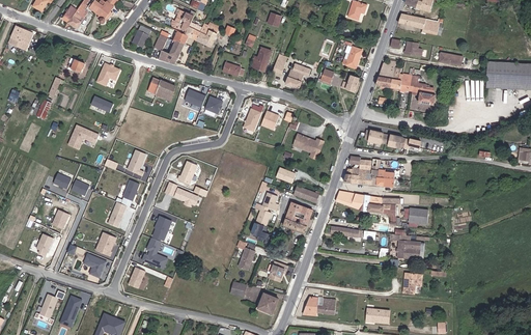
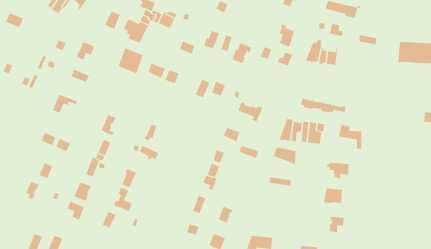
building: [412,76,436,105] -> none
building: [367,196,396,226] -> [338,124,362,149]
building: [282,203,312,234] -> none

